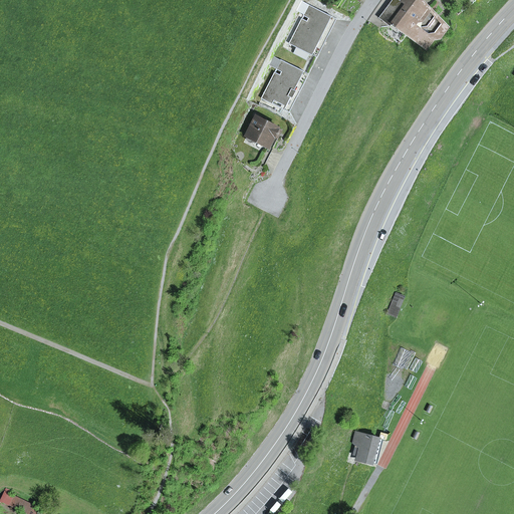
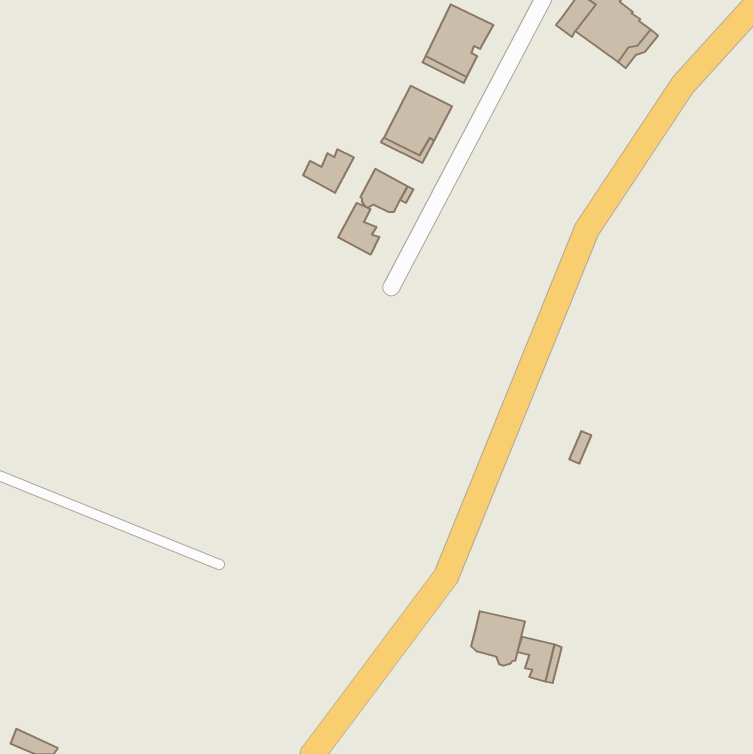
building: none -> [303,149,354,193]
building: none -> [338,203,379,255]
building: none -> [471,611,525,666]

